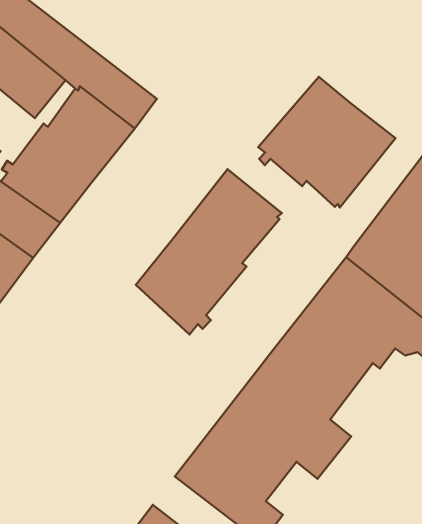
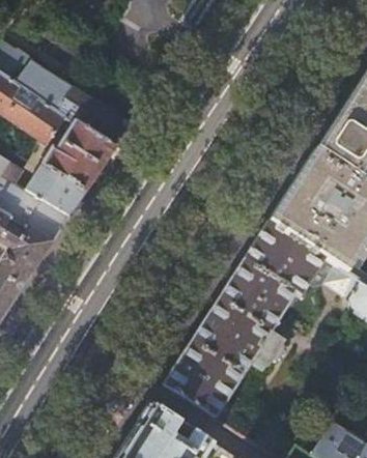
building: [258,77,396,207] -> none
building: [136,169,282,335] -> none

